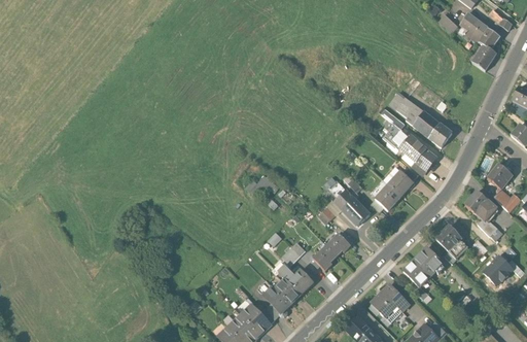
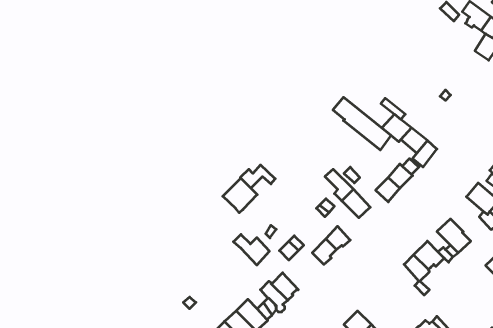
building: [394,96,451,147] -> [333,97,391,150]
building: none -> [223,178,257,213]
building: [278,265,313,295] -> [233,234,269,265]
building: [371,284,410,322] -> none

